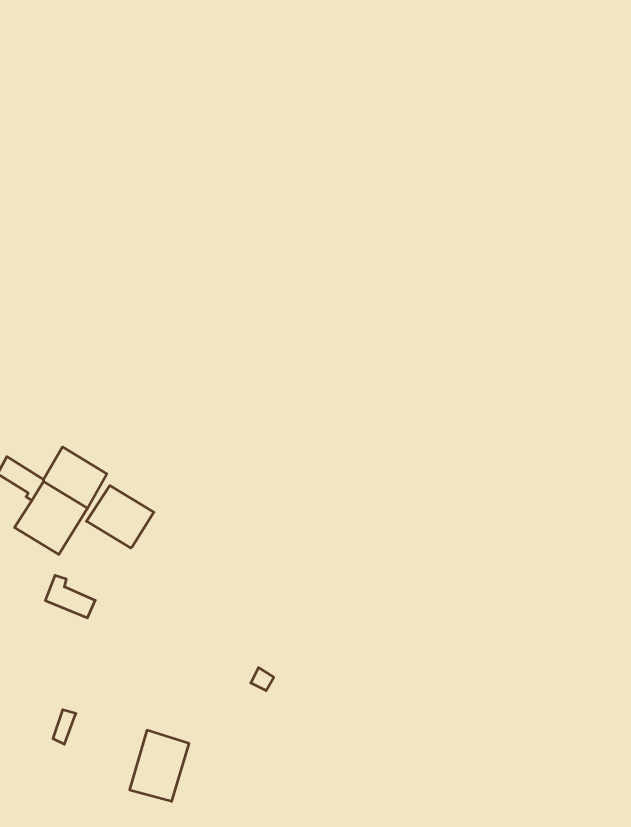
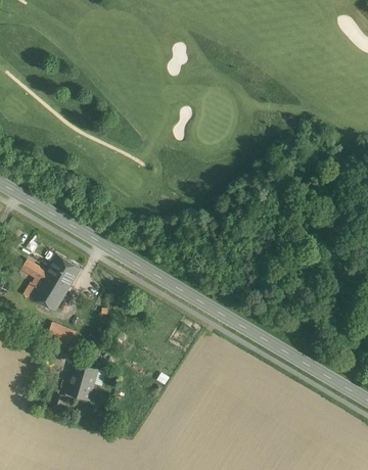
building: [86,486,154,548] -> none
building: [130,730,189,801] -> [65,363,97,401]

